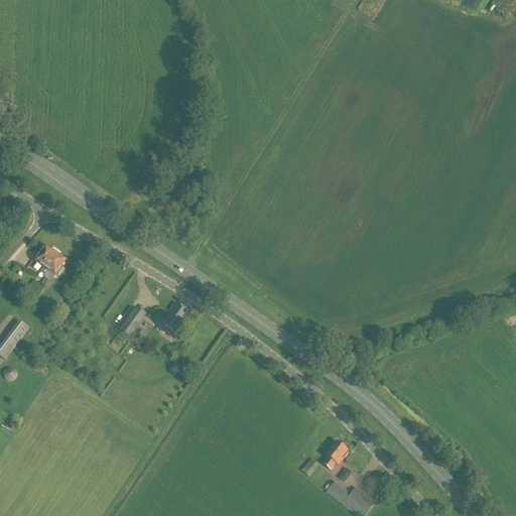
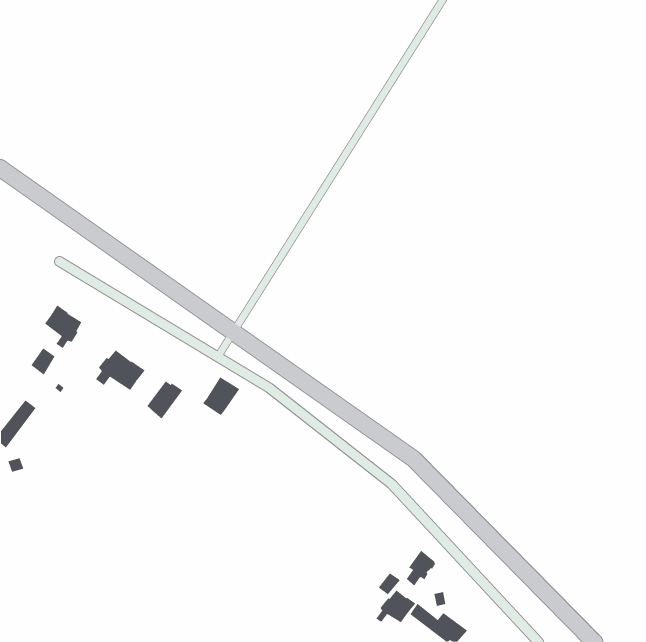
building: none -> [95,349,145,391]
building: none -> [376,589,416,623]

